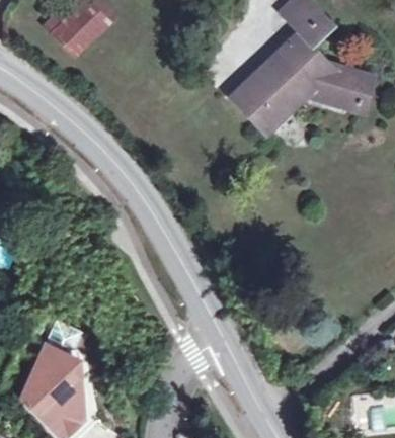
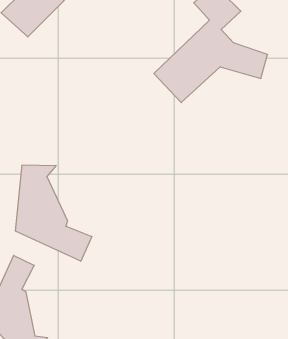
building: none -> [16,165,92,261]

